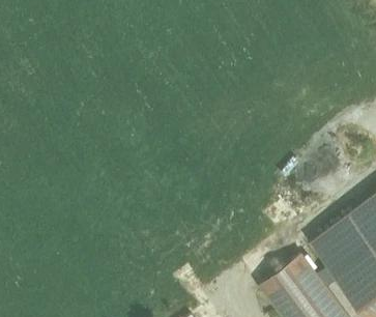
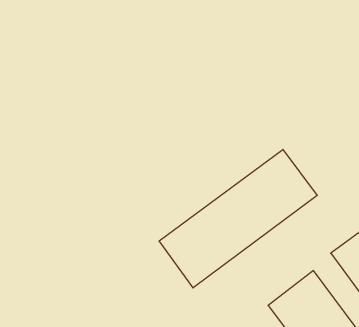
building: none -> [159,149,317,288]

